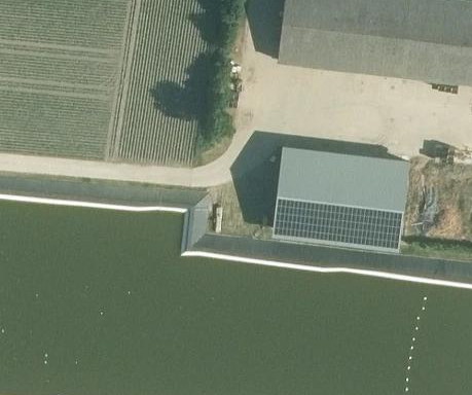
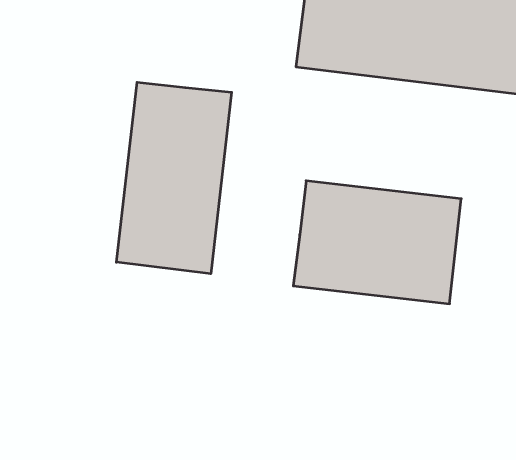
building: none -> [116,82,232,274]

